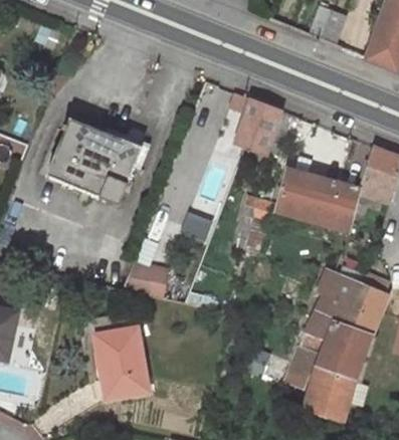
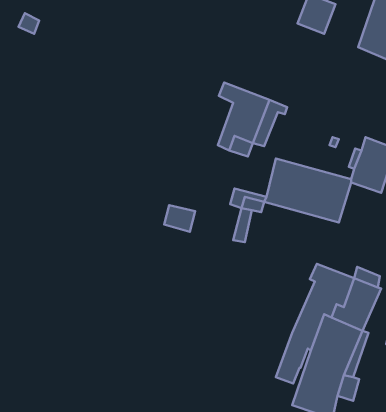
building: [47,119,149,203] -> none
building: [122,264,165,297] -> none
building: [95,326,148,396] -> none

